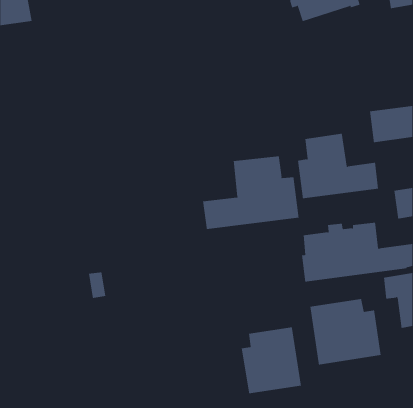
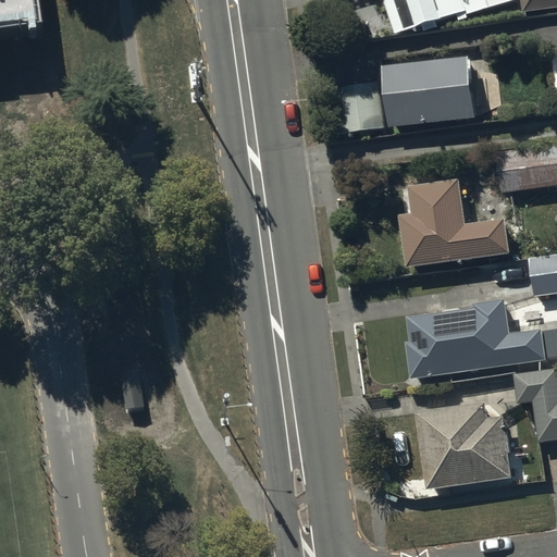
building: none -> [336,58,476,133]
building: [203,156,299,230] -> none
building: [241,326,302,394] -> none

